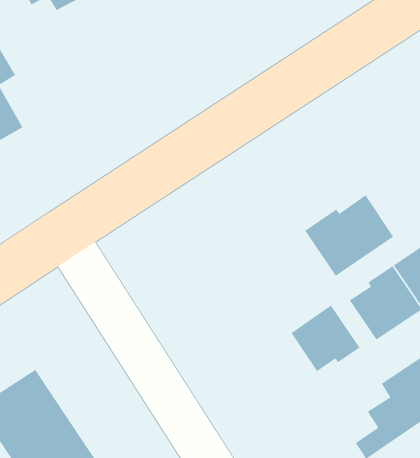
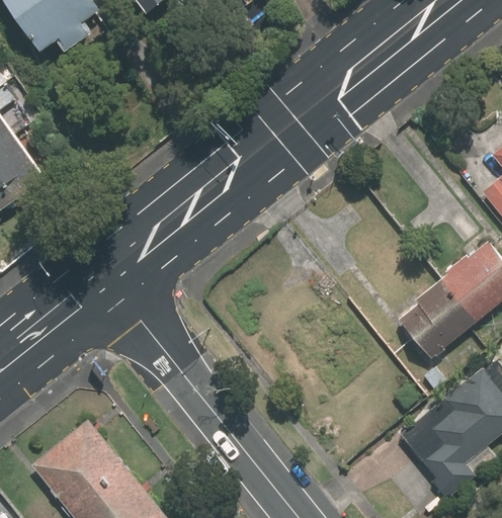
building: [304,194,394,277] -> none
building: [290,305,360,372] -> none

